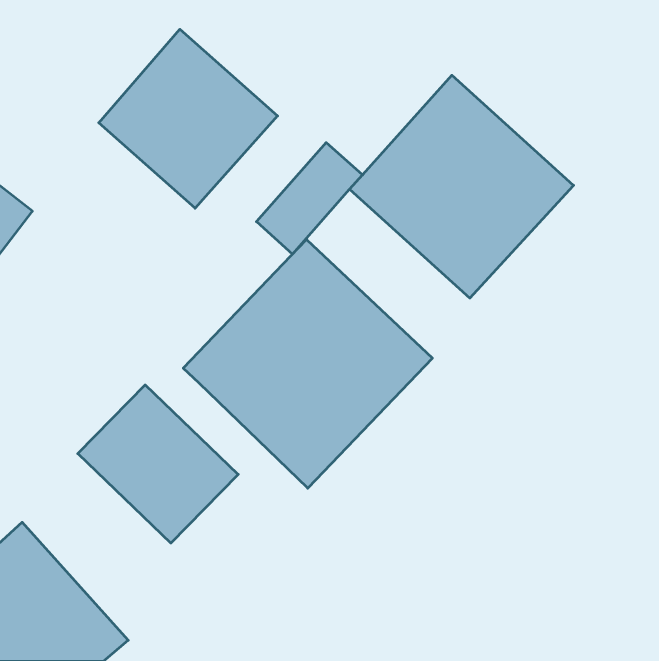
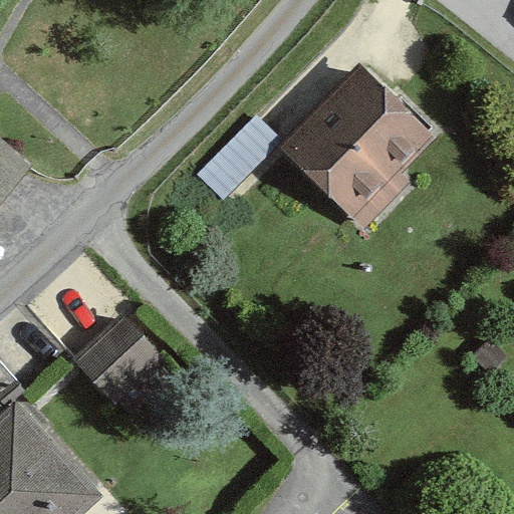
building: [99,29,278,208] -> none
building: [183,239,432,488] -> none

